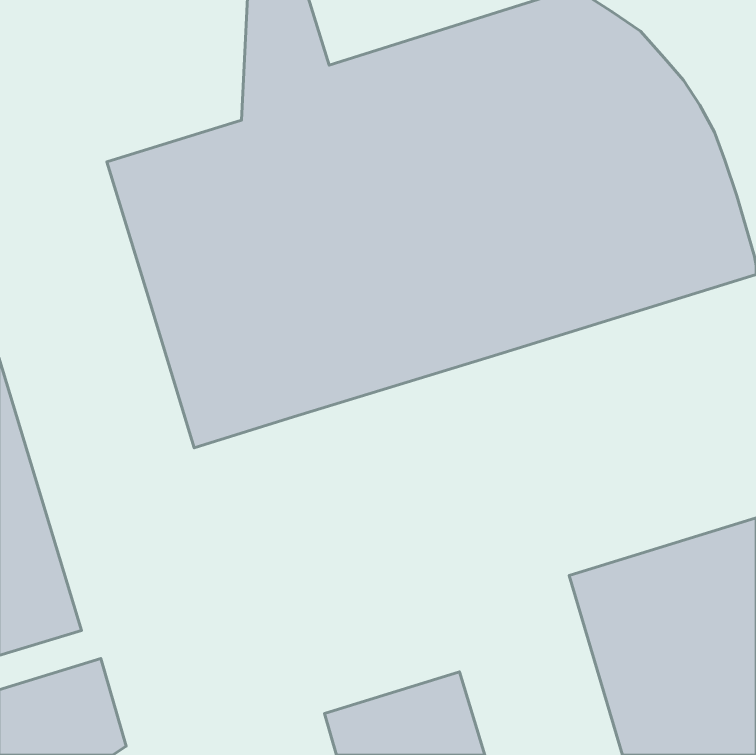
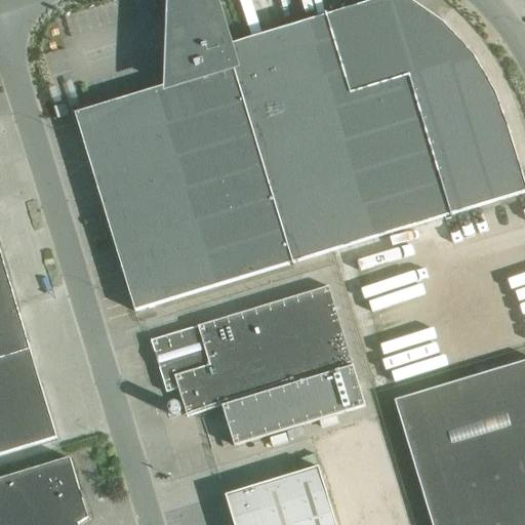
building: none -> [150,284,365,444]

